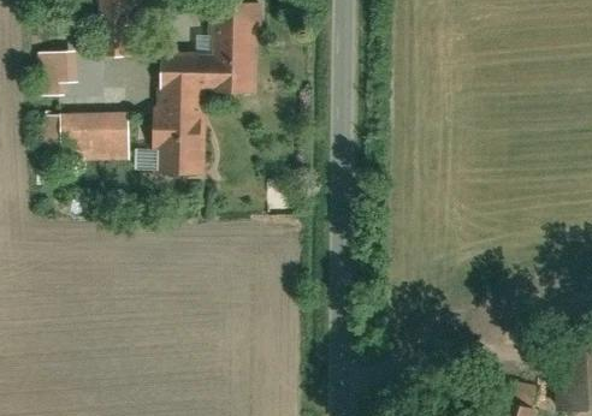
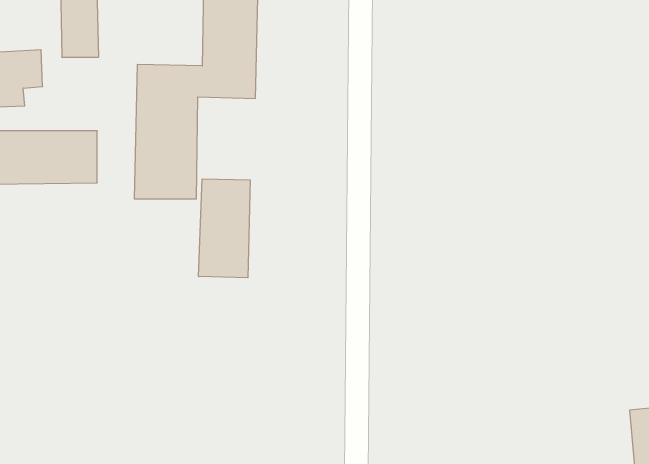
building: none -> [199,179,250,278]

